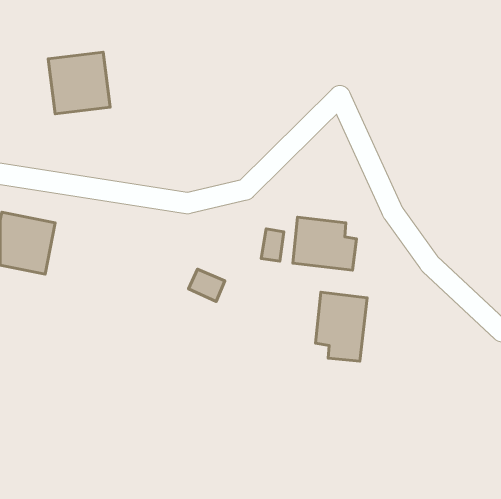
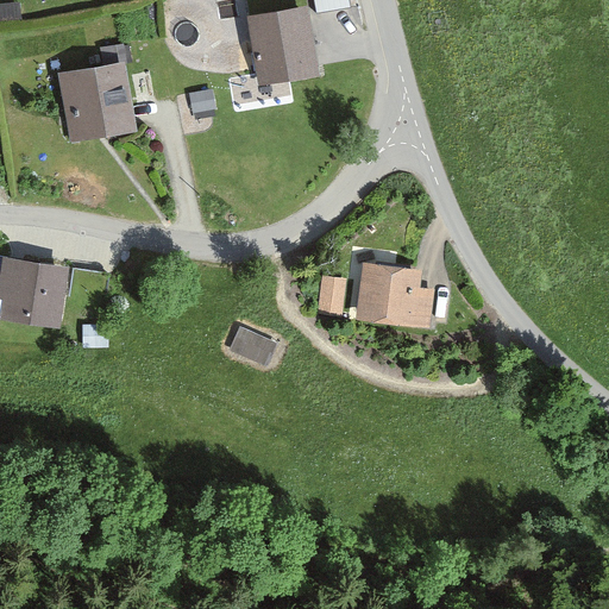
building: none -> [241,6,319,87]
building: [315,292,367,361] -> none

